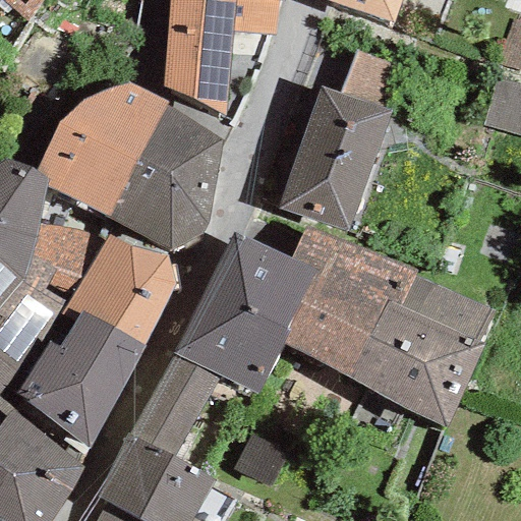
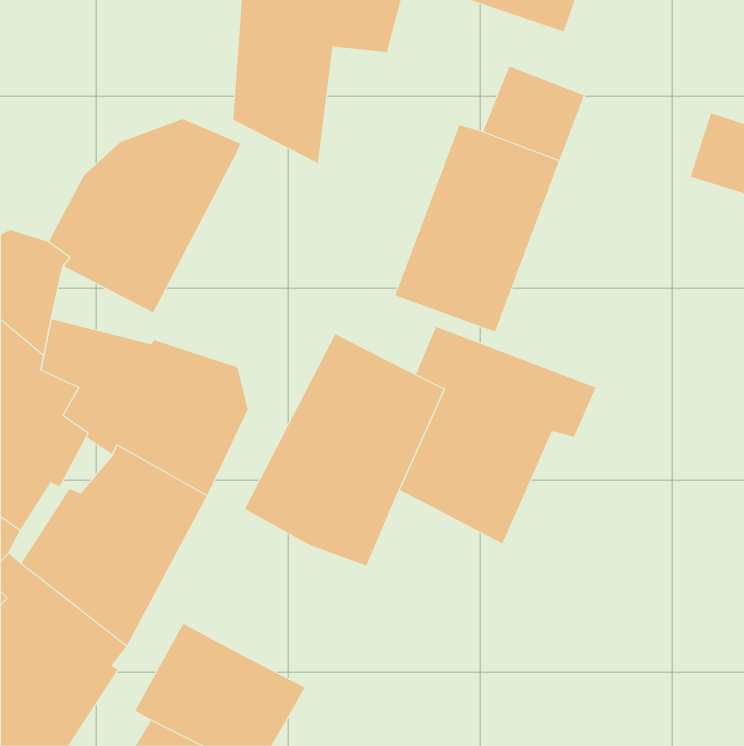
building: [109,102,232,251] -> none
building: [352,277,496,428] -> none
building: [129,354,218,458] -> none

